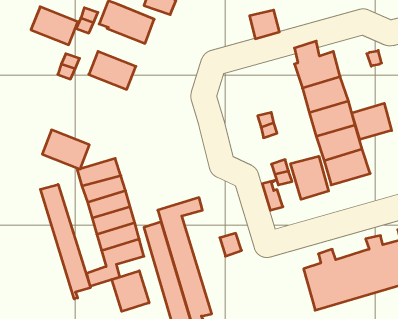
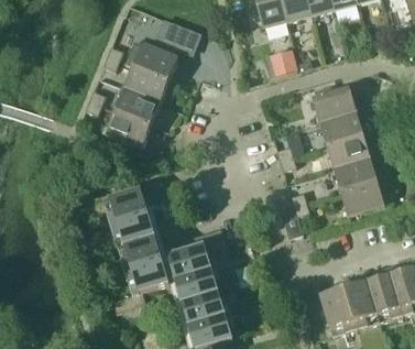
building: [31,7,78,45] -> [123,64,168,100]
building: [352,103,392,140] -> none
building: [42,130,89,169] -> [106,108,151,145]
building: [291,156,329,199] -> none
building: [40,184,90,299] -> none
building: [112,271,149,311] -> none

